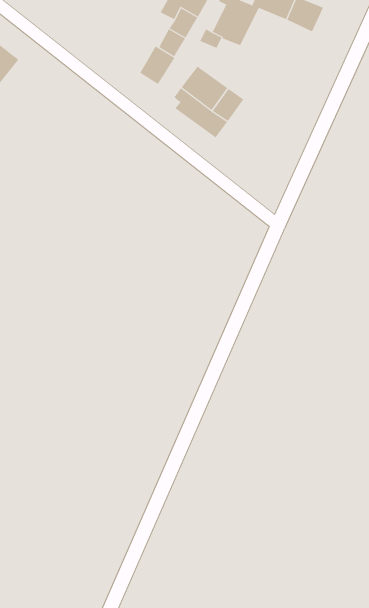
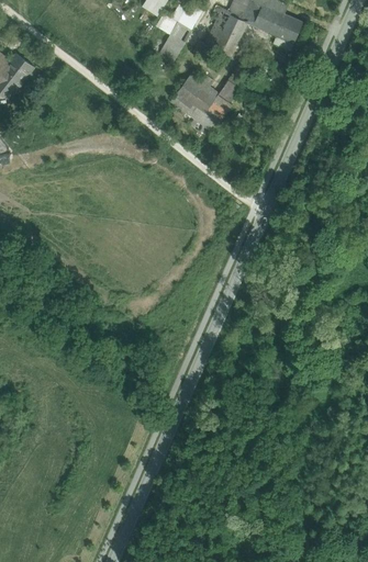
building: [140,46,175,85] -> none

